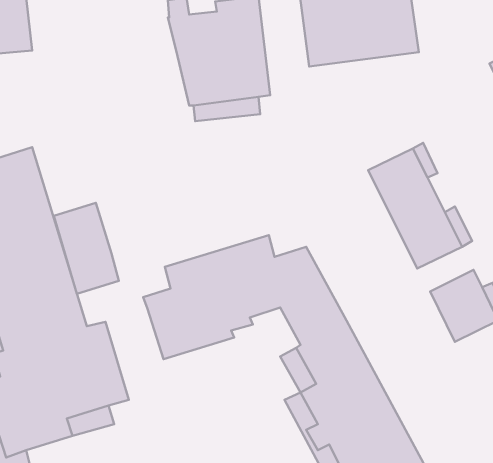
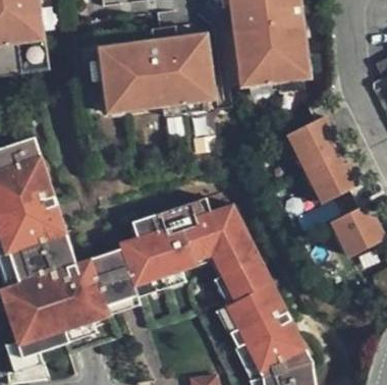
building: none -> [92,37,153,112]
building: [54,203,119,294] -> [94,250,140,314]

